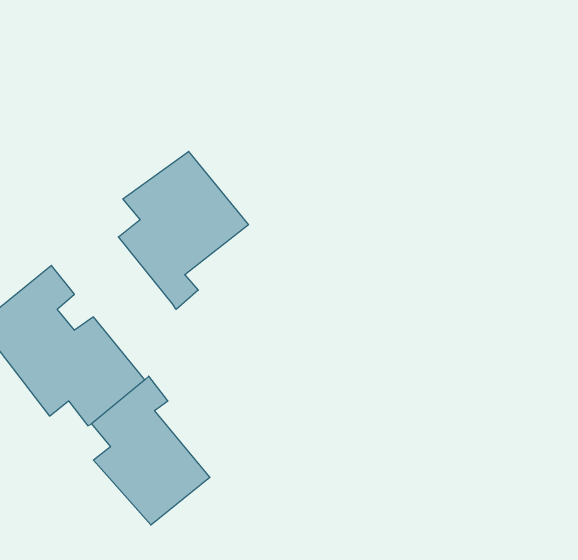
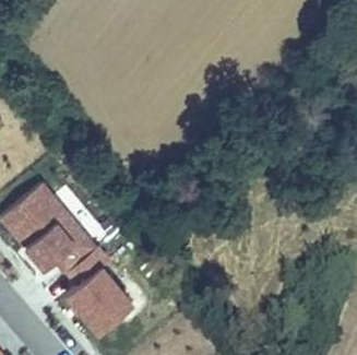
building: [118,151,248,309] -> none

